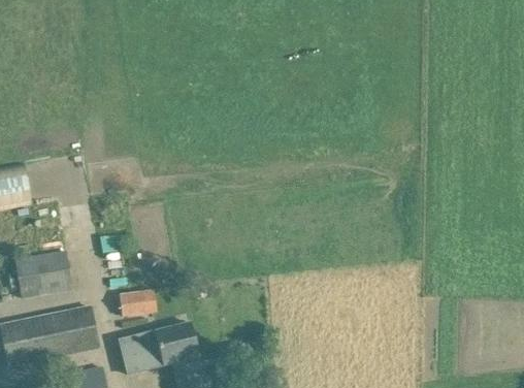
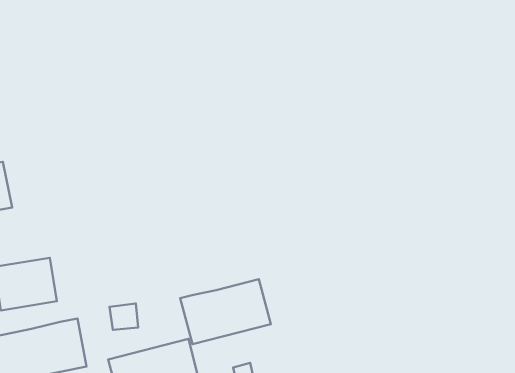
building: none -> [180,279,271,344]

